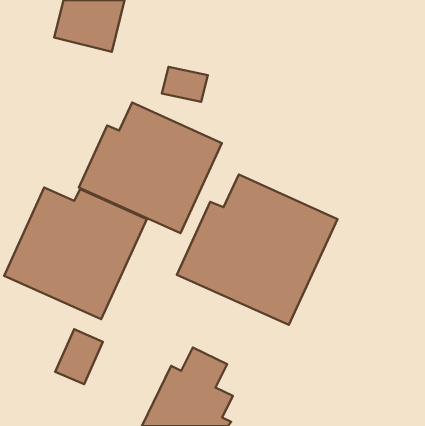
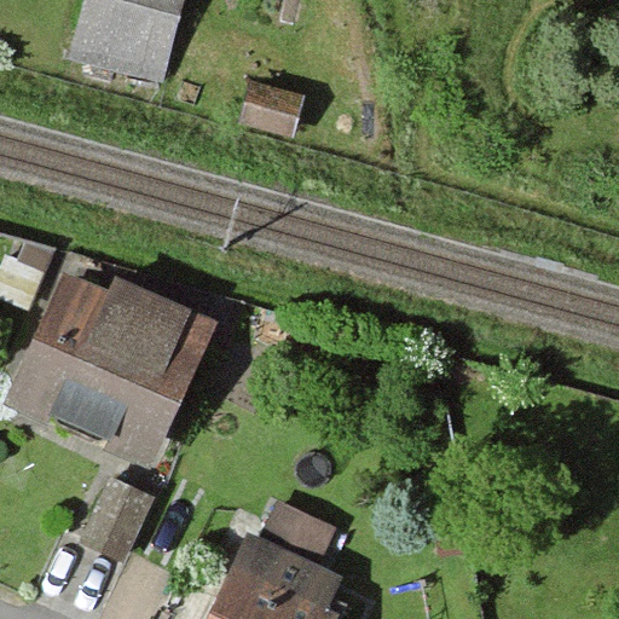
building: [79,103,222,233] -> none
building: [177,174,337,325] -> none

